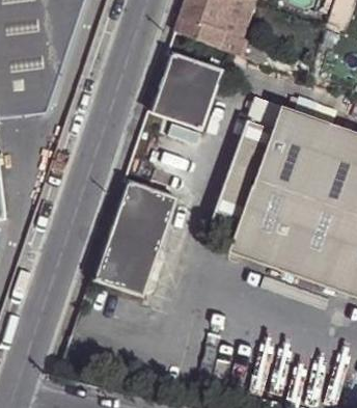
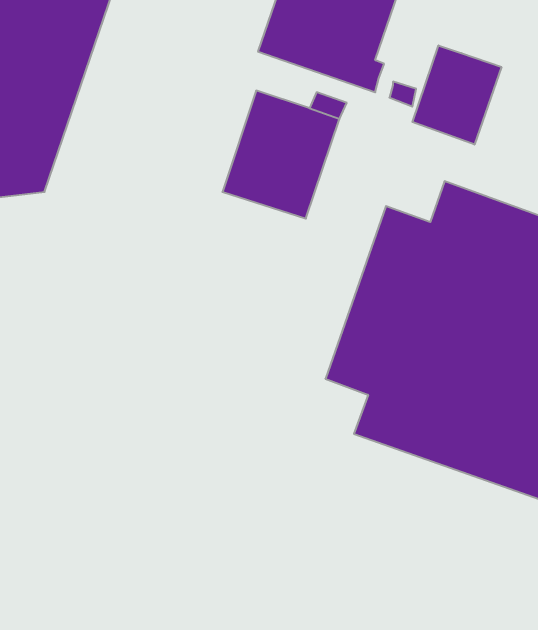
building: none -> [412,45,501,145]
building: [95,181,177,295] -> none

